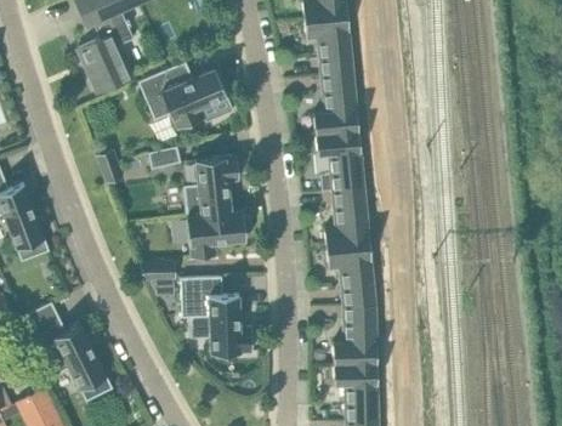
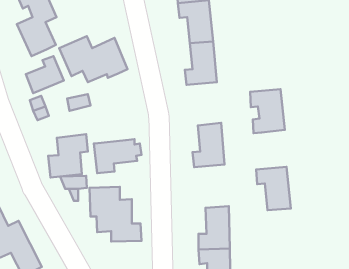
building: none -> [26,56,64,93]
building: [316,130,364,192] -> [250,89,285,133]
building: [183,155,239,216] -> [48,134,88,178]
building: [327,245,375,306] -> [256,167,291,210]

